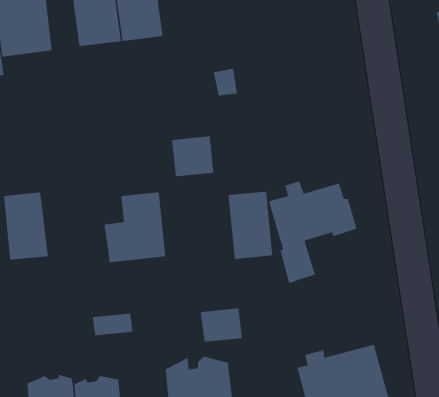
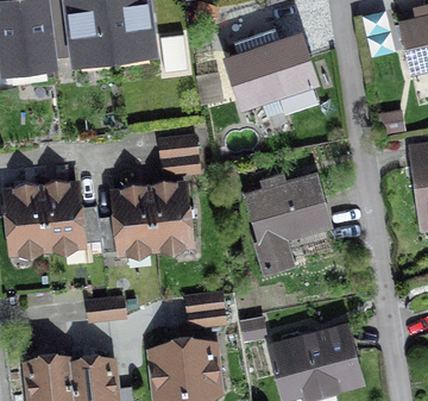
building: none -> [228,39,317,108]
building: none -> [39,184,100,248]
building: [228,191,273,260] -> [147,184,189,248]

